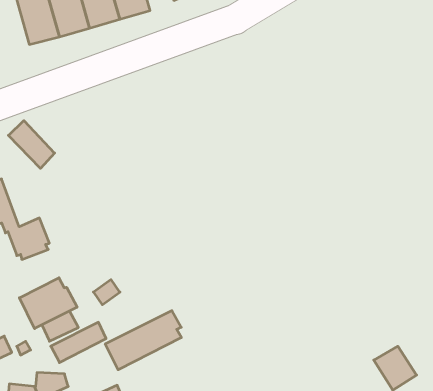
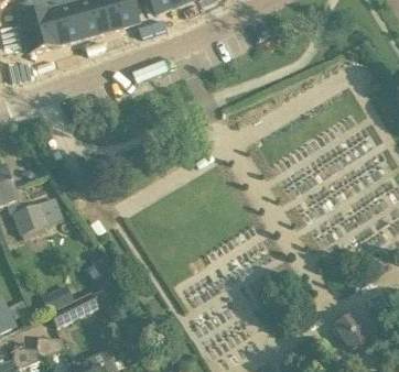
building: [8,121,55,168] -> none
building: [19,278,77,329] -> none
building: [105,311,181,370] -> none

